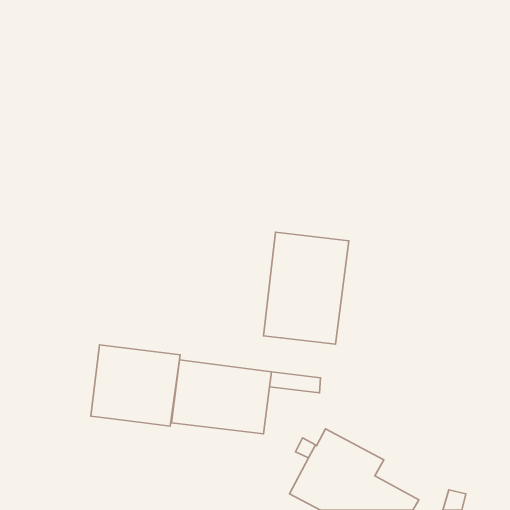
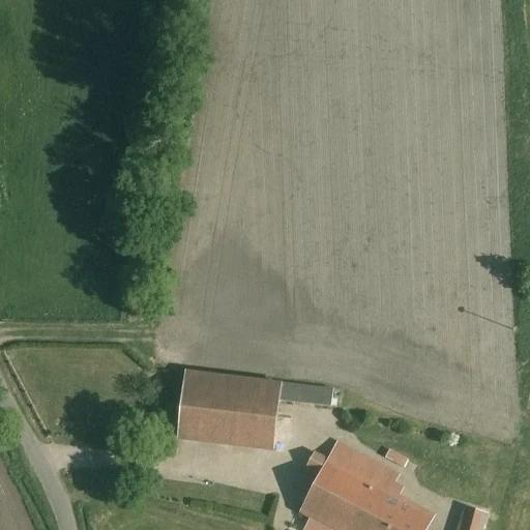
building: [263,232,349,344] -> none
building: [91,345,180,426] -> none

